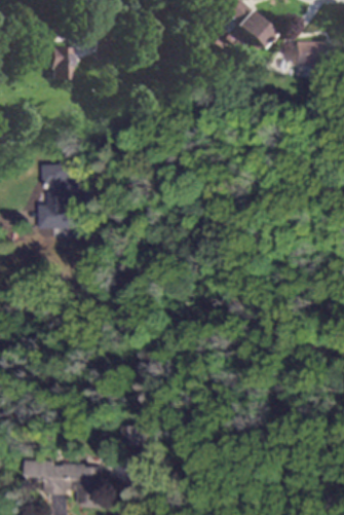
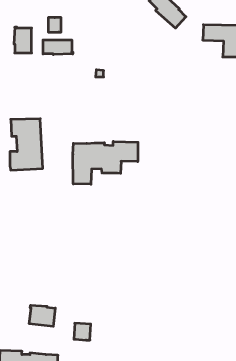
building: none -> [43,40,73,55]
building: none -> [73,141,138,184]
building: none -> [29,305,55,326]

